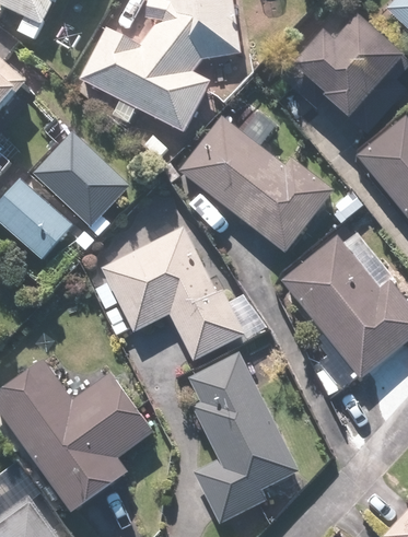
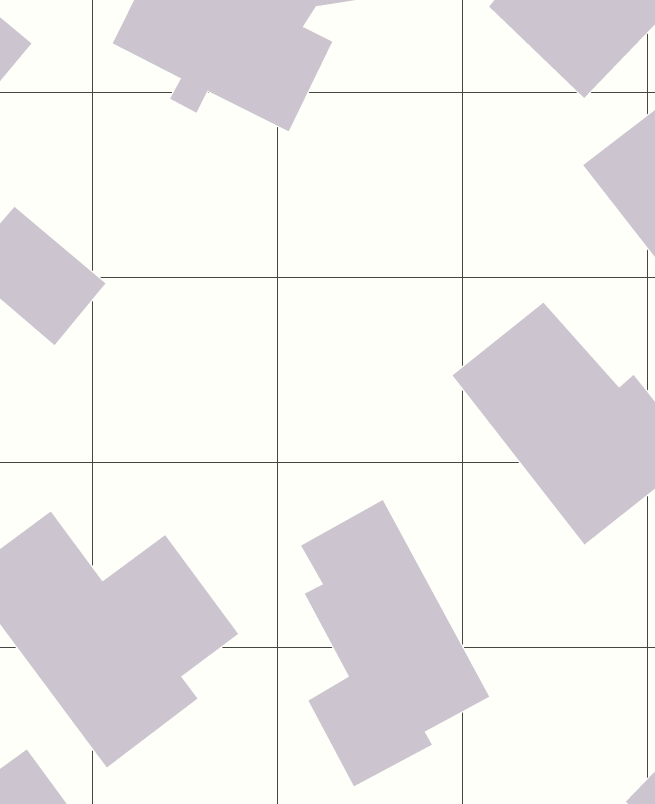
building: [178,107,338,255] -> none
building: [32,130,130,227] -> none
building: [101,222,265,360] -> none

